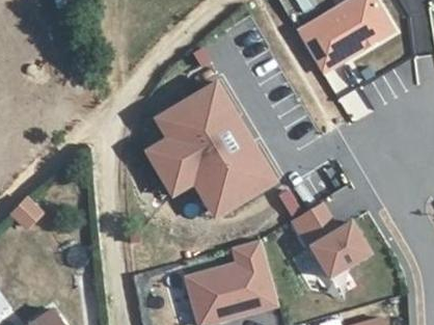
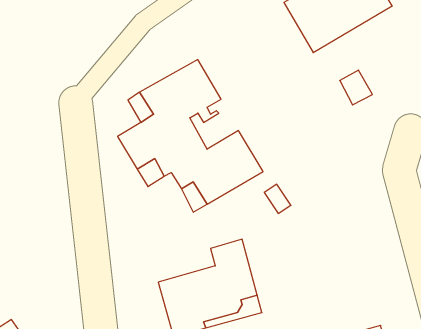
building: [212,115,255,160] -> none
building: [293,202,371,277] -> none

